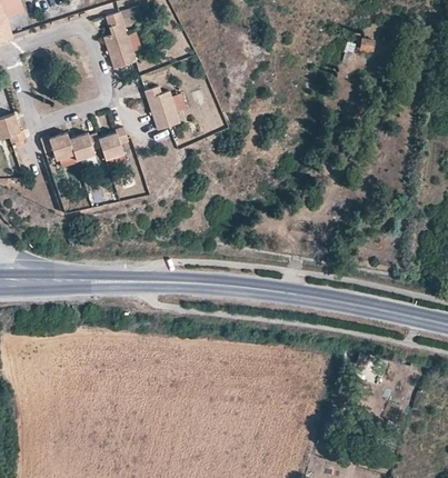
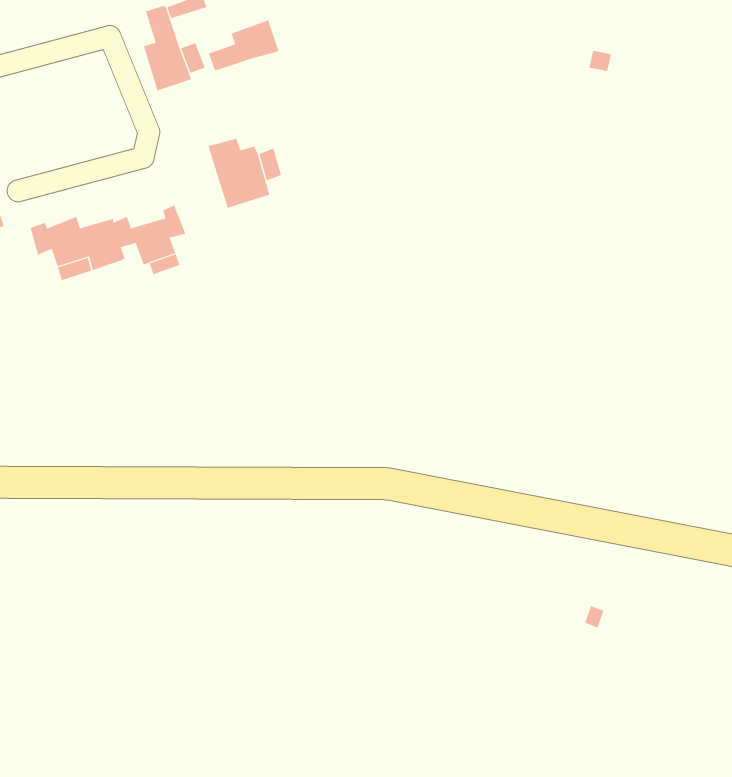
building: none -> [208,19,279,71]

